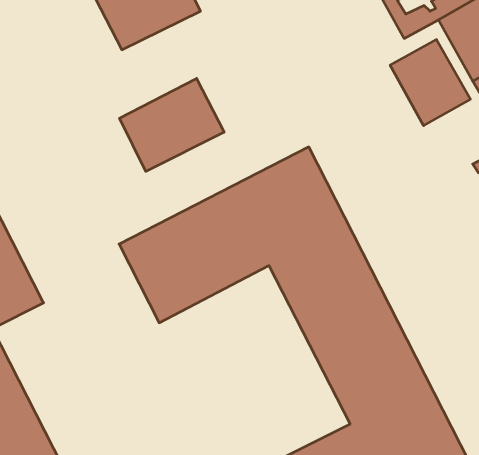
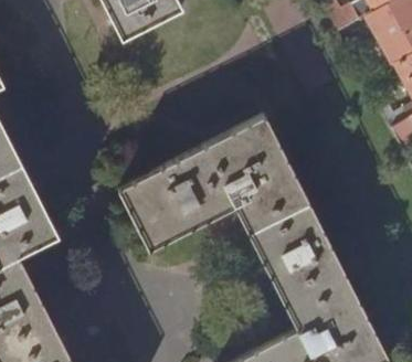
building: [390,40,470,126] -> none
building: [120,78,224,171] -> none

